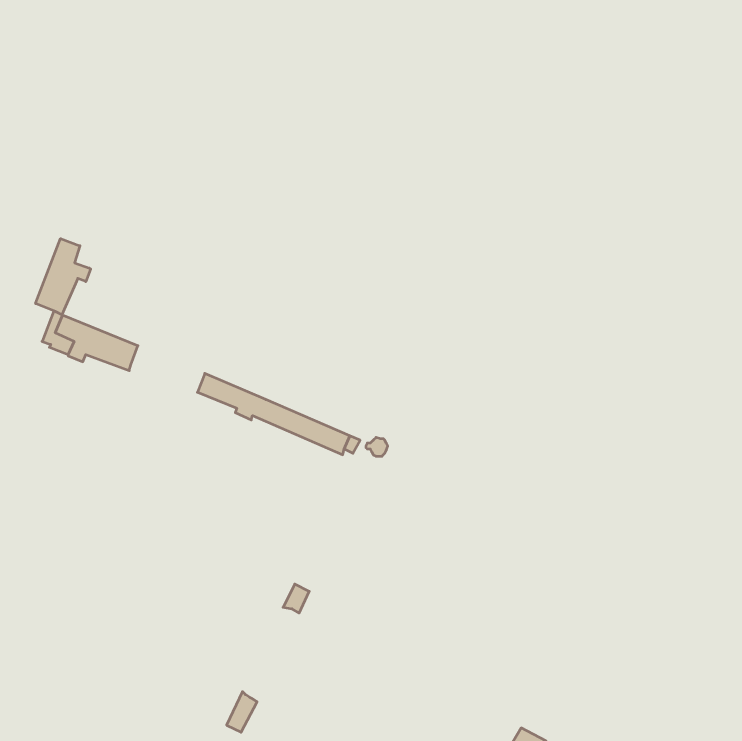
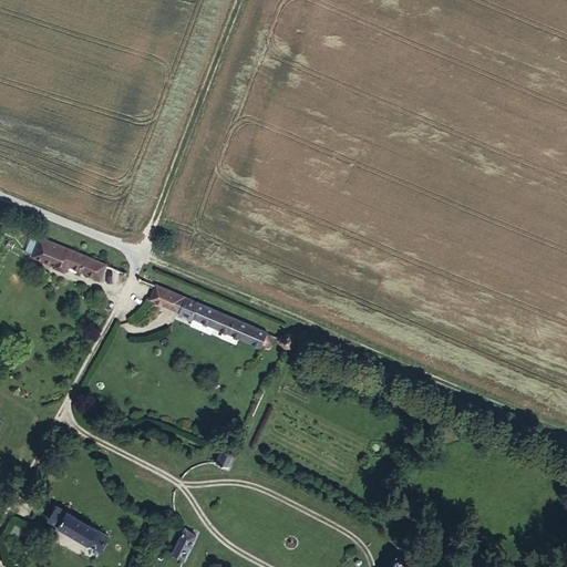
building: [36,239,91,315] -> none
building: none -> [50,507,109,550]

